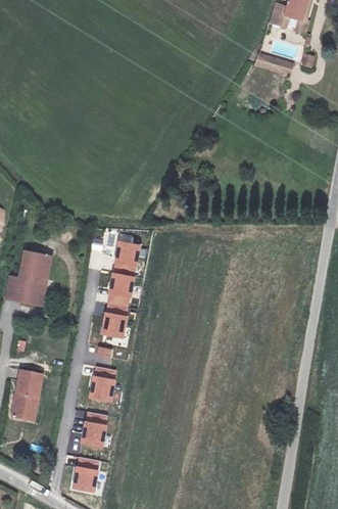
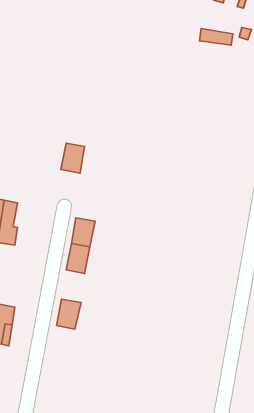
building: [112,241,140,276] -> [61,143,85,173]
building: [83,412,108,446] -> none
building: [73,457,99,493] -> none

